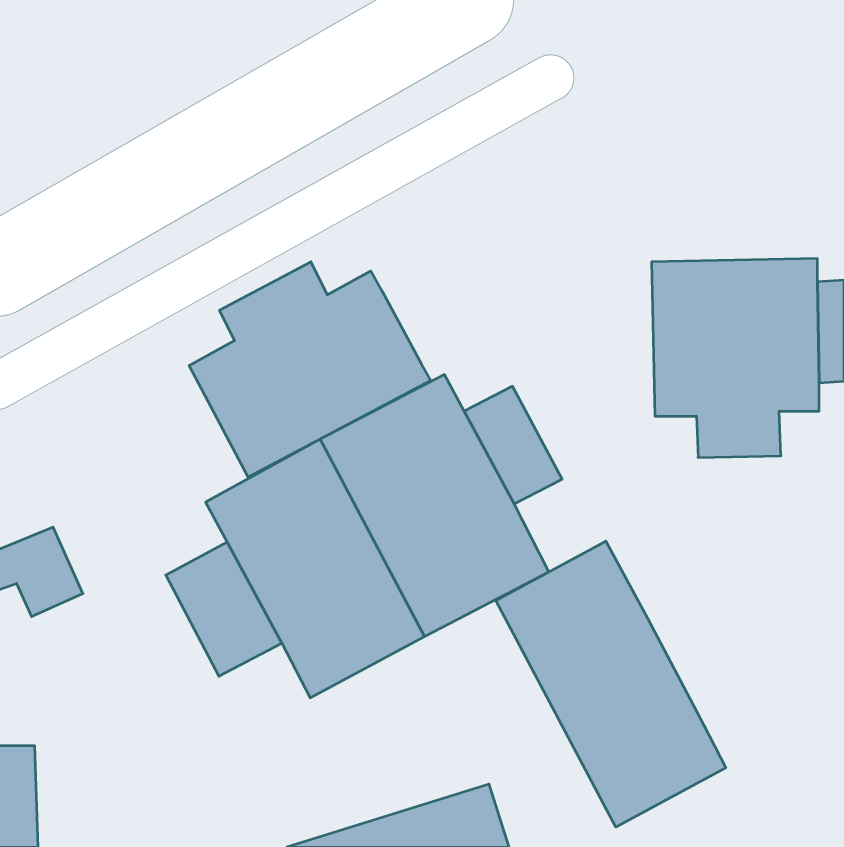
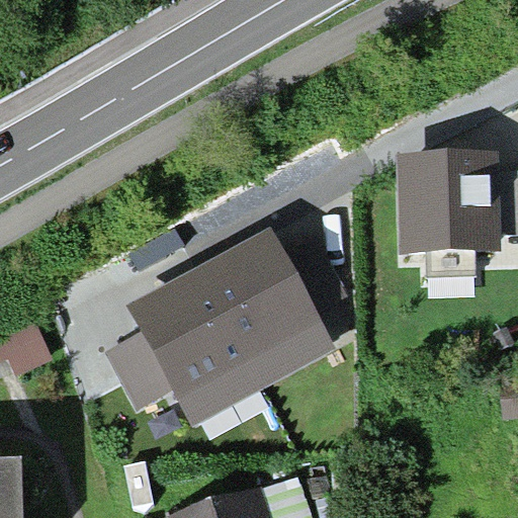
building: [189,262,431,477] -> none
building: [496,541,726,827] -> none

